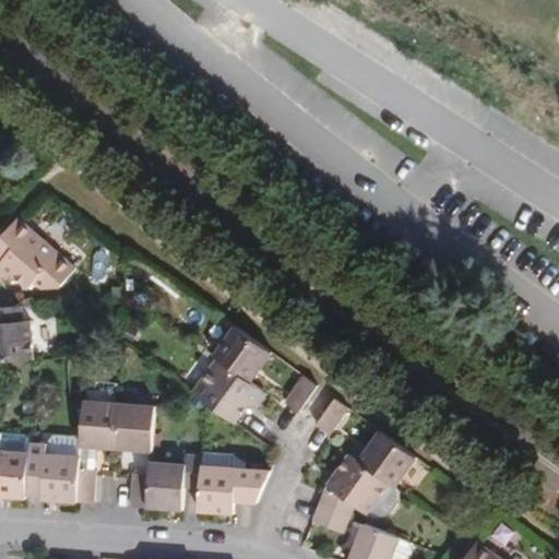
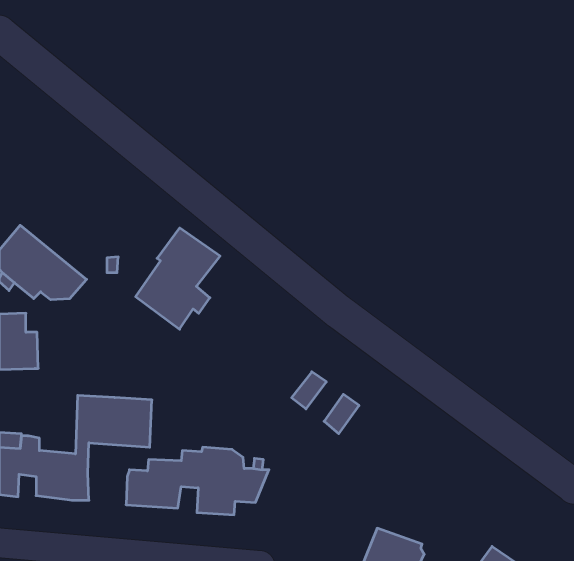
building: [189,323,271,421] -> [136,228,220,329]
building: [313,431,416,533] -> none

